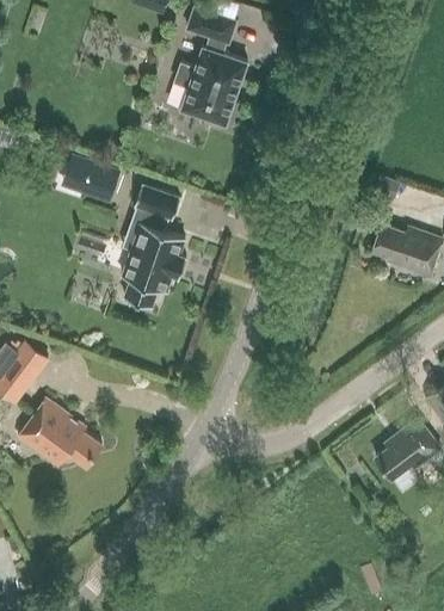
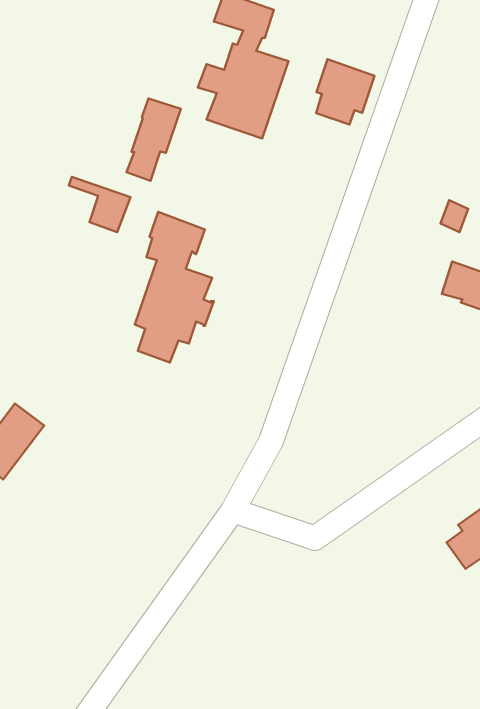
building: none -> [316,59,374,125]
building: none -> [127,98,181,181]
building: [17,401,101,469] -> none

